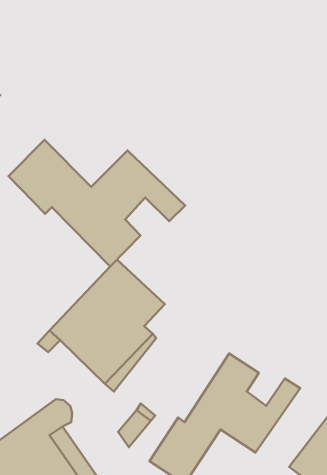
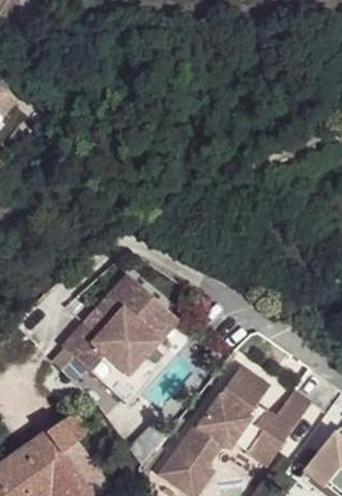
building: [8,140,185,267] -> none

